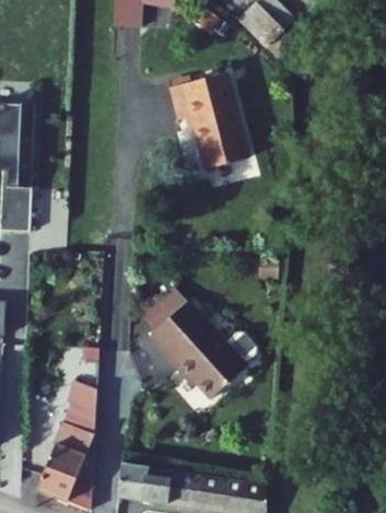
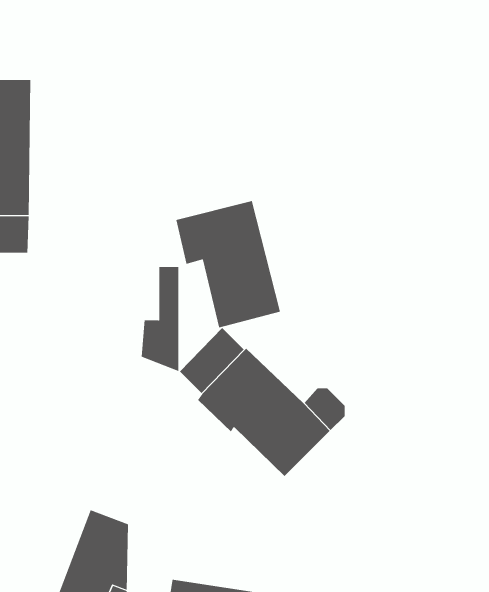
building: [174,74,252,168] -> [176,201,281,328]
building: [71,351,100,429] -> [141,267,179,372]

